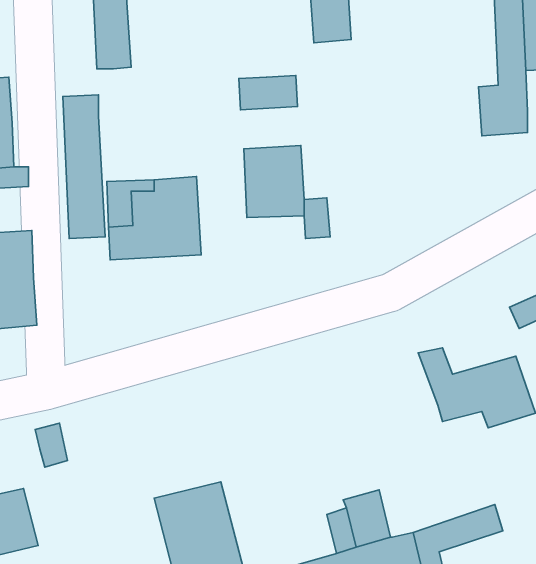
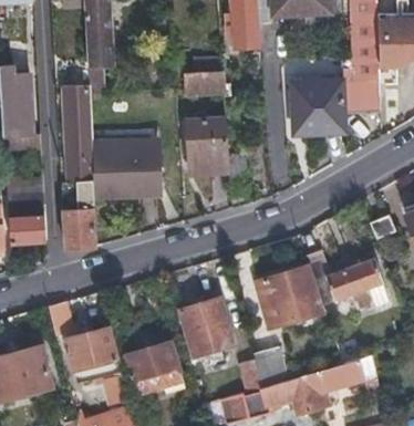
building: none -> [290,76,349,132]
building: none -> [61,178,96,246]
building: none -> [257,273,327,331]
building: none -> [179,299,234,355]
building: none -> [63,332,116,383]

